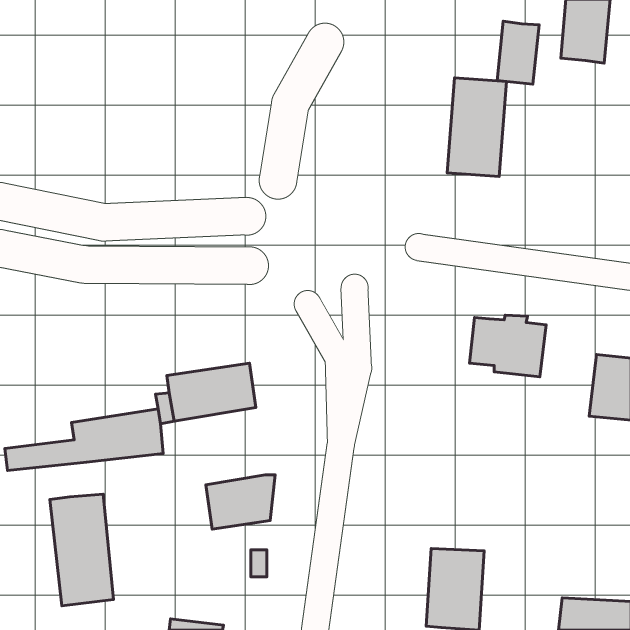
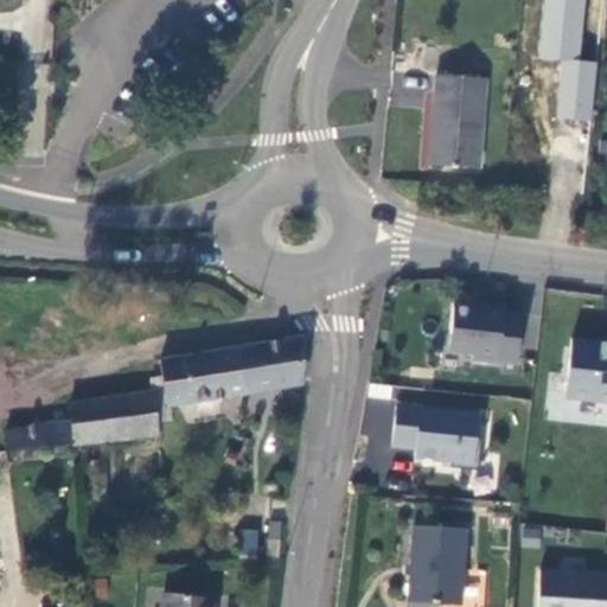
building: [497,21,539,84] -> [557,58,598,119]
building: none -> [391,403,483,469]
building: [206,475,275,529] -> [241,339,307,391]
building: [50,494,113,606] -> none

